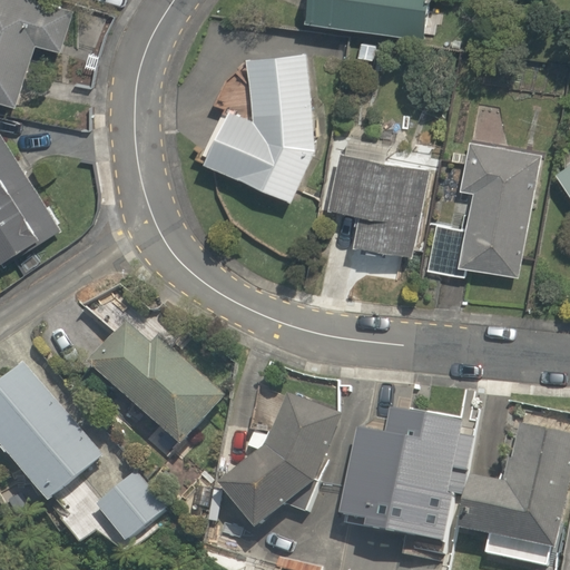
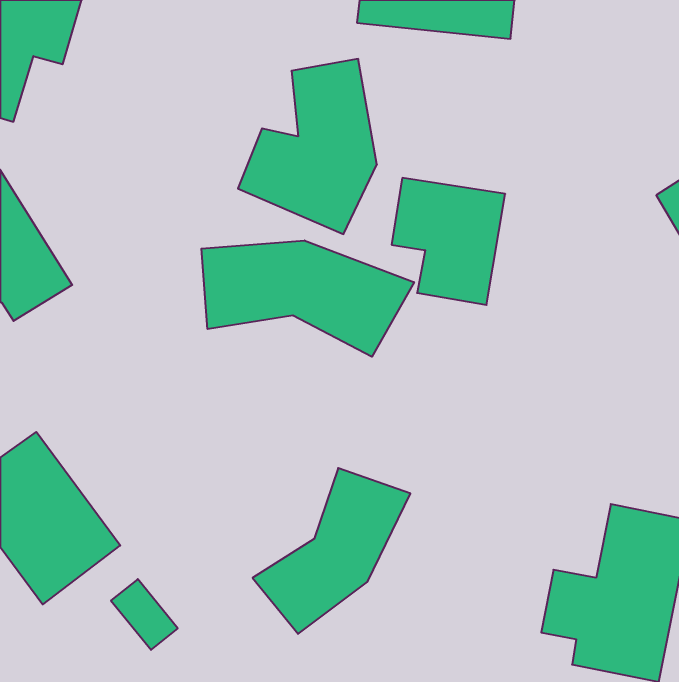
building: [426,140,544,279] -> none
building: none -> [201,240,414,357]
building: [89,324,222,445] -> none
building: [348,417,456,546] -> none

